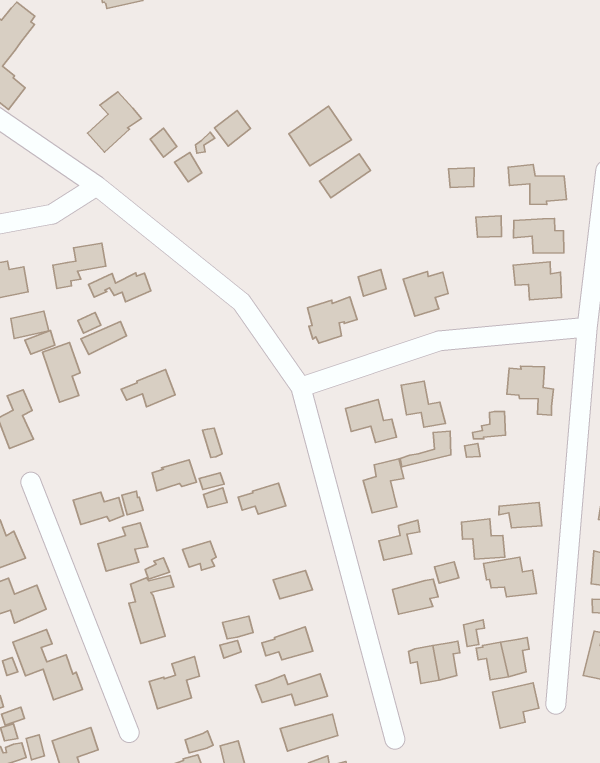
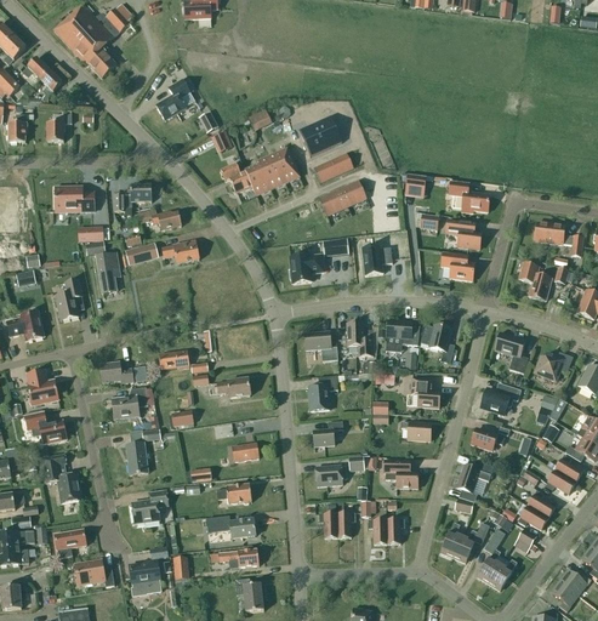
building: none -> [222,149,300,198]
building: none -> [318,180,366,216]
building: none -> [386,320,418,353]
building: [121,369,175,407] -> [161,240,199,264]
building: [461,519,505,559] -> [411,378,440,409]
building: [492,683,539,728] -> none

